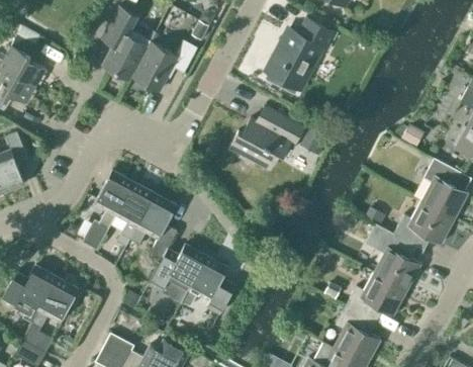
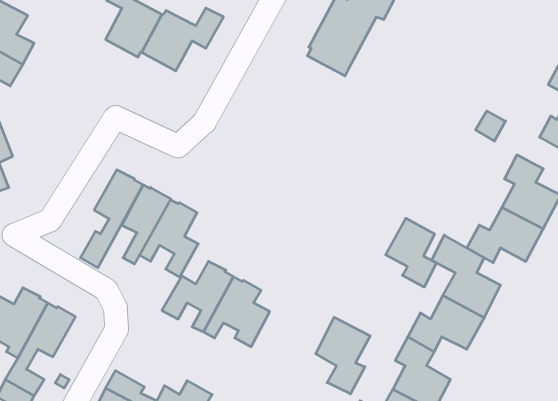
building: [229,109,303,169] -> none
building: none -> [386,218,436,287]
building: none -> [316,317,370,394]

